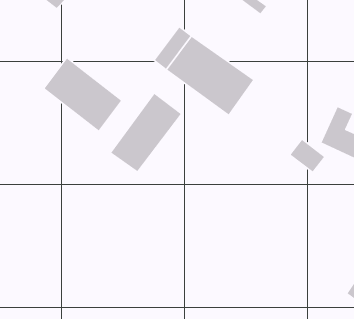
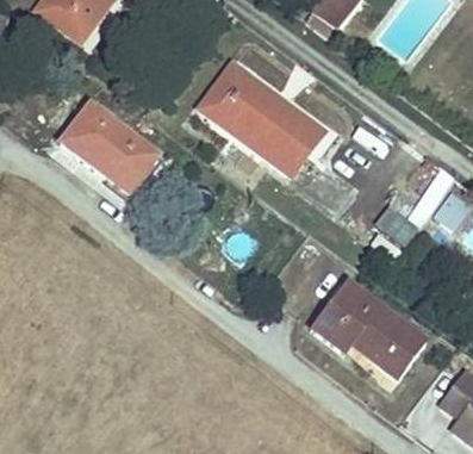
building: [110,93,182,172] -> none
building: none -> [312,282,428,378]

